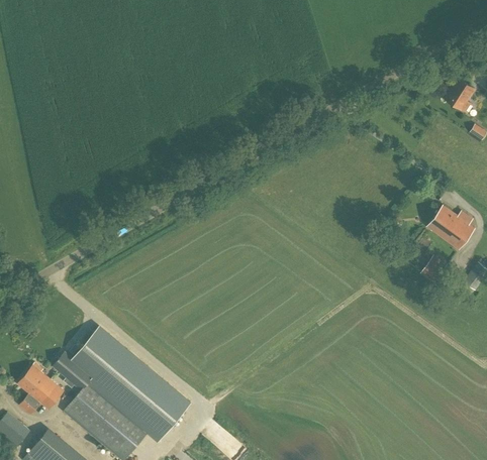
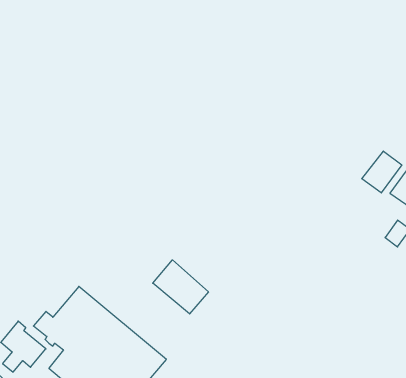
building: none -> [362,151,402,193]
building: none -> [153,260,208,314]

